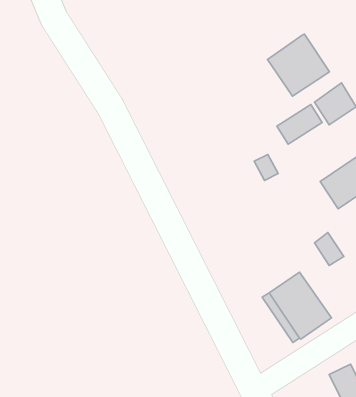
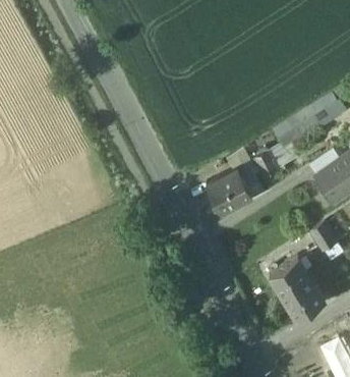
building: [267,34,329,96] -> none
building: none -> [211,163,254,208]

